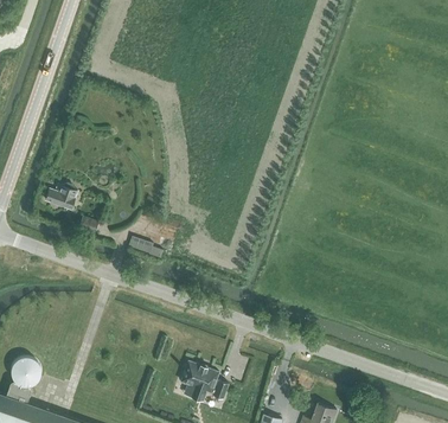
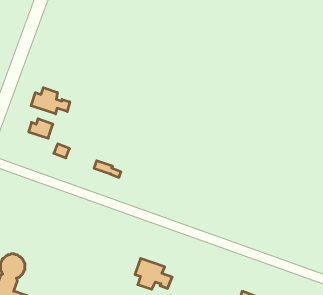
building: none -> [31,88,70,114]

